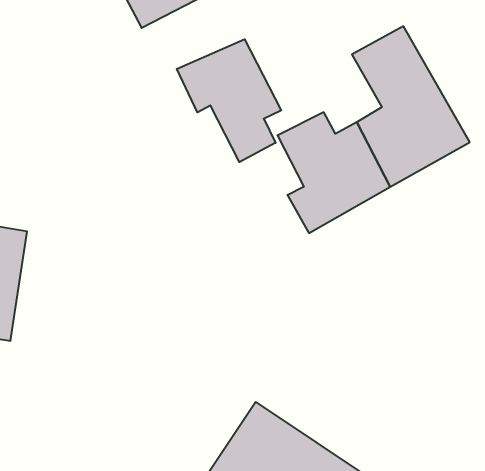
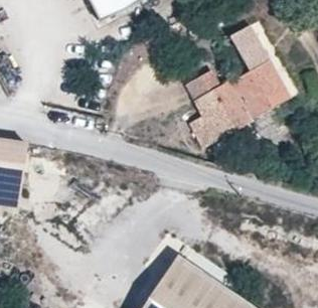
building: [177,39,281,162] -> none

